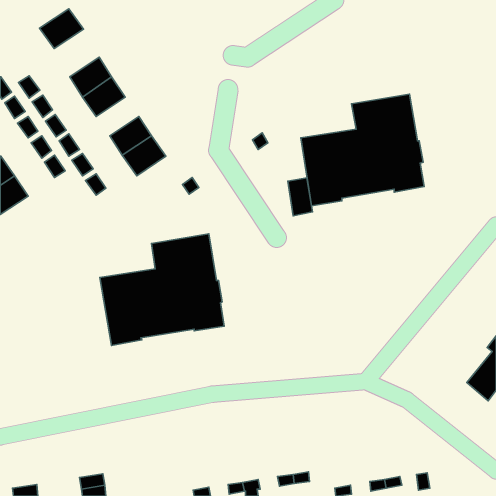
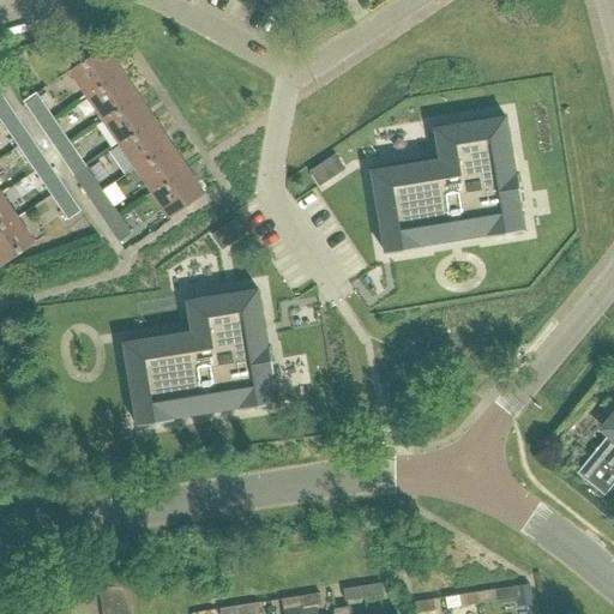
building: [40,9,83,49] -> [68,46,122,95]
building: none -> [119,120,171,168]
building: [288,178,313,216] -> none

